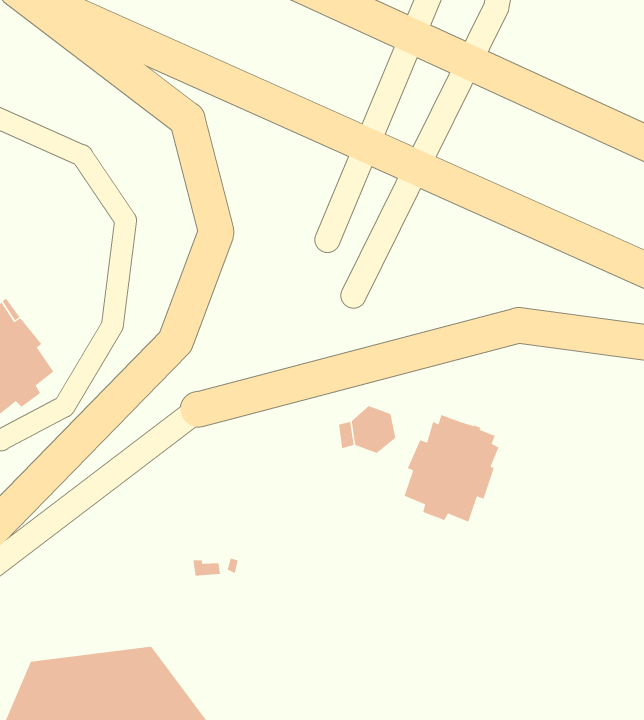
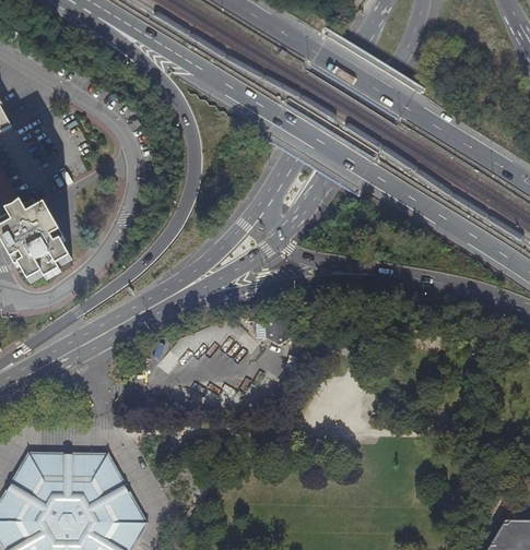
building: [404,414,499,523] -> none

